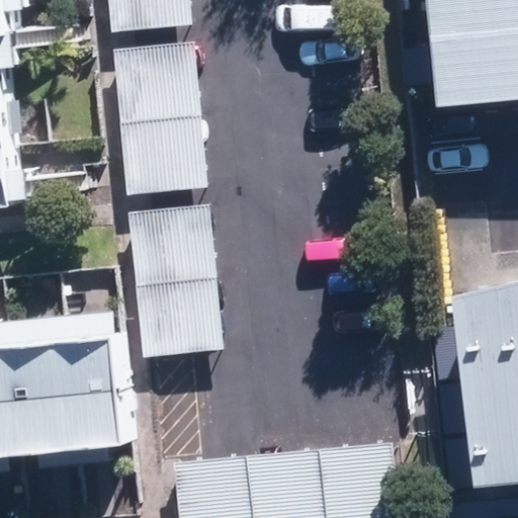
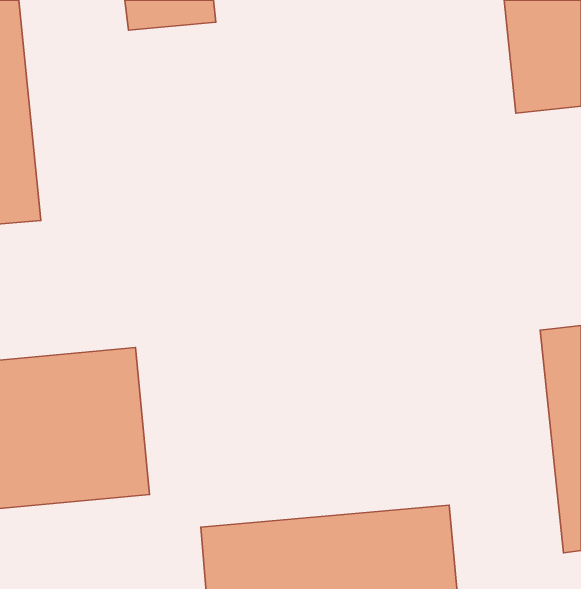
building: [112,48,207,196] -> none
building: [128,208,222,355] -> none

